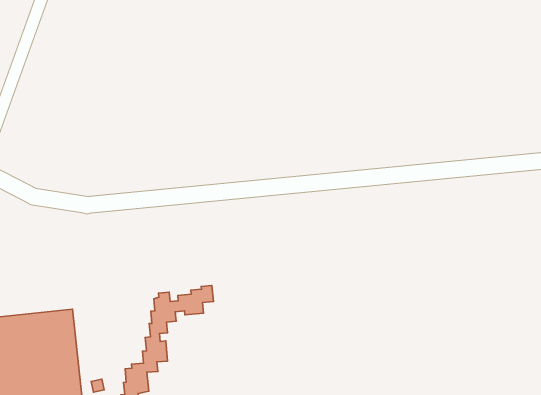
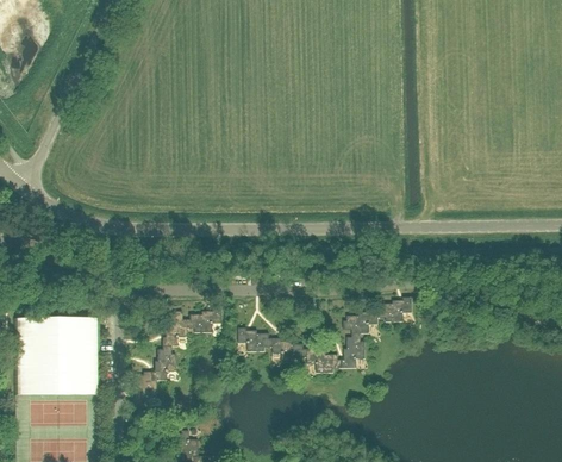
building: none -> [238,296,412,372]

